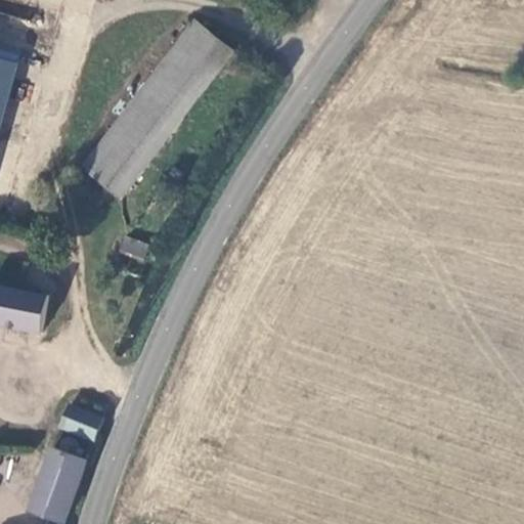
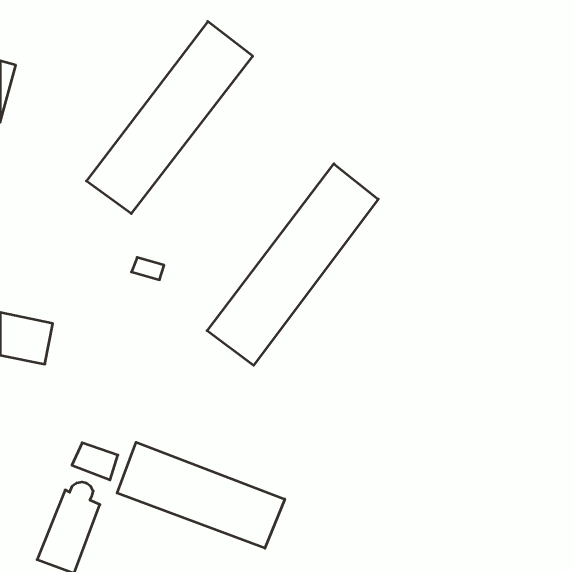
building: none -> [207,164,378,365]
building: none -> [117,442,285,548]

